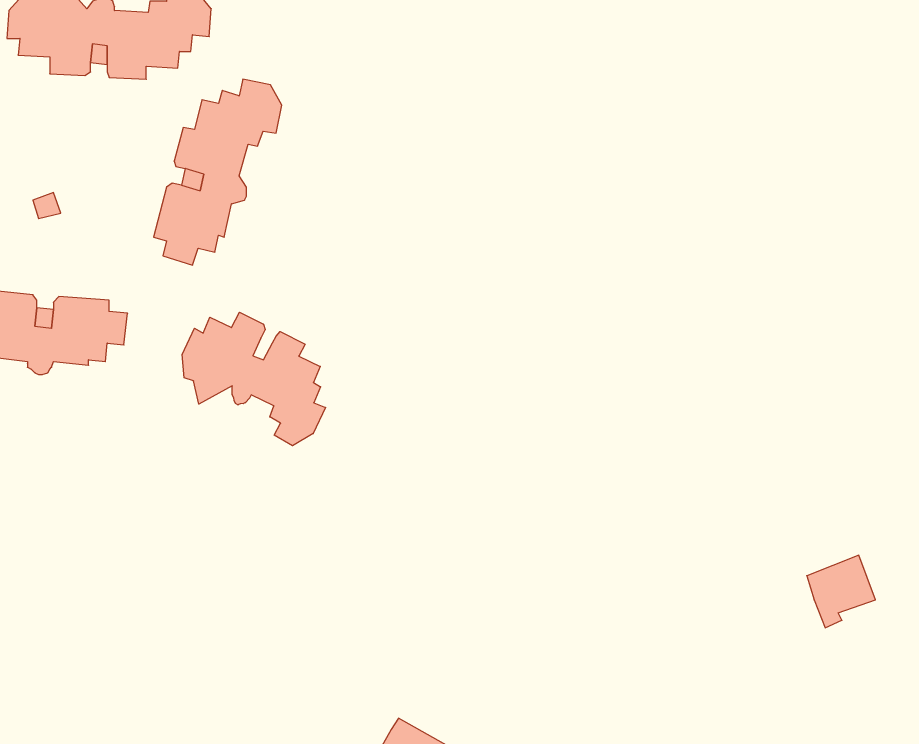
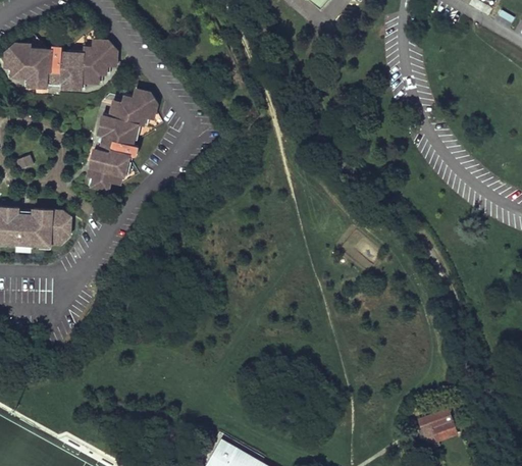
building: [182,312,326,446] -> none
building: [807,555,875,628] -> [418,407,456,447]

